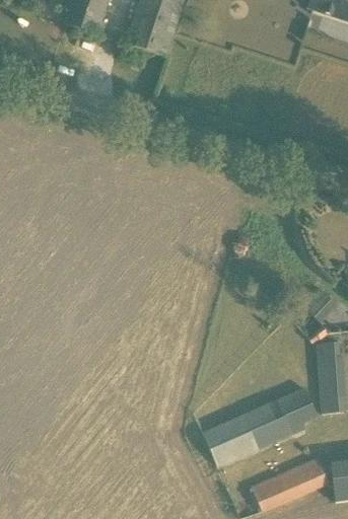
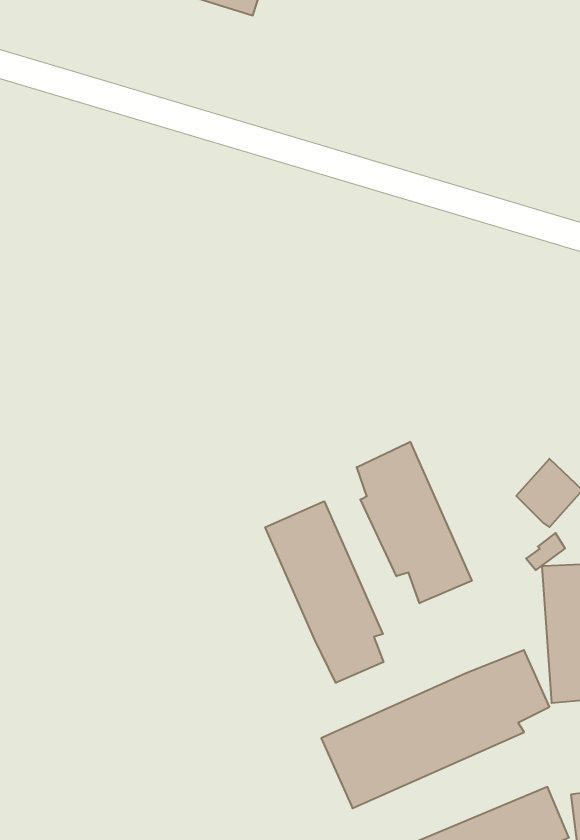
building: none -> [357,442,472,603]
building: none -> [265,501,384,683]

